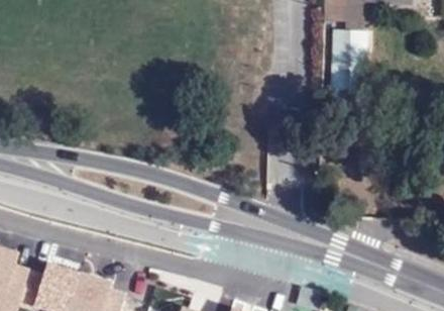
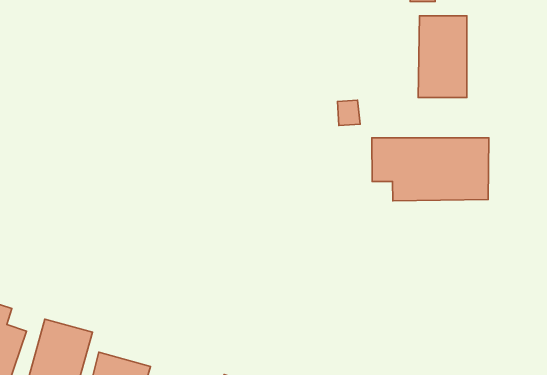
building: none -> [372,138,489,201]

